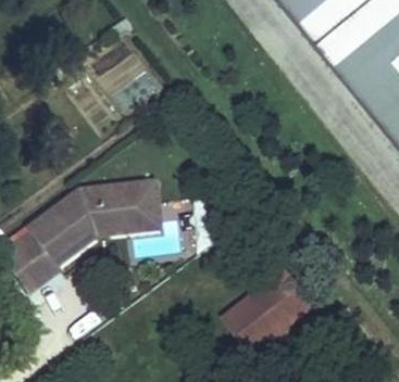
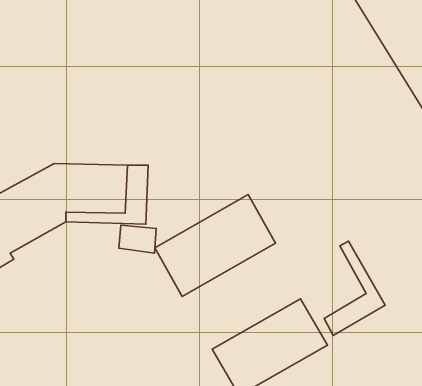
building: none -> [155,195,276,297]
building: none -> [324,241,385,335]

